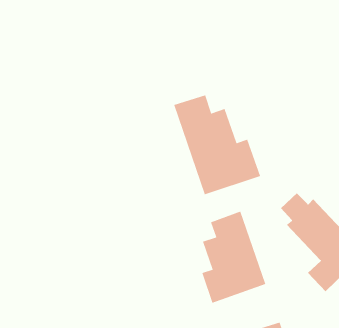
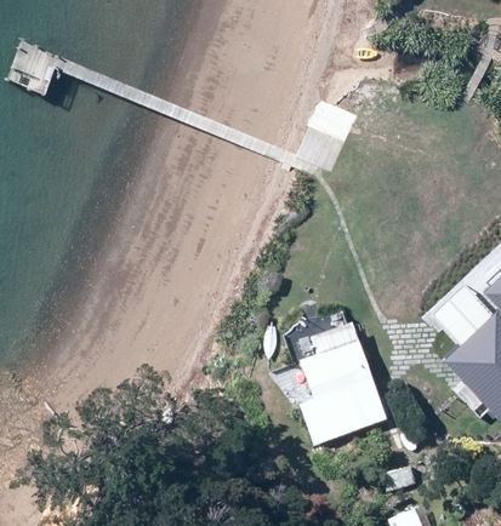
building: [173,94,261,195] -> none

